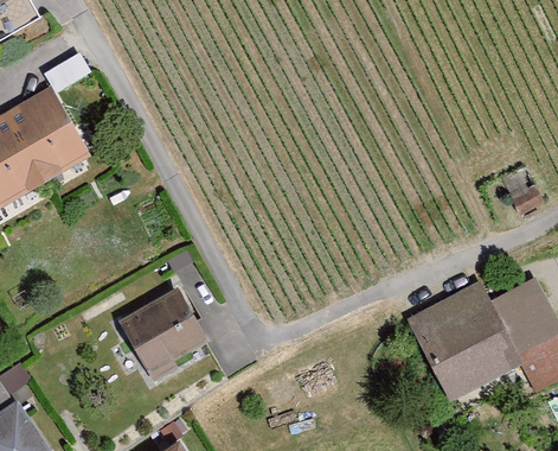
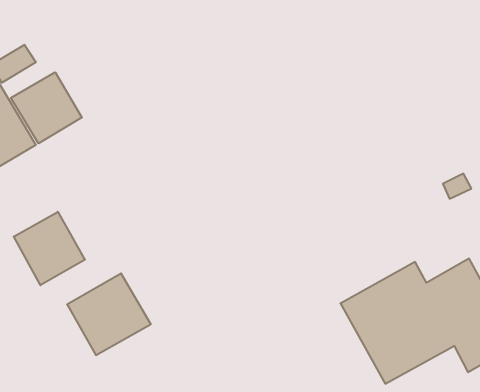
building: none -> [11,72,82,143]
building: none -> [14,212,85,285]

